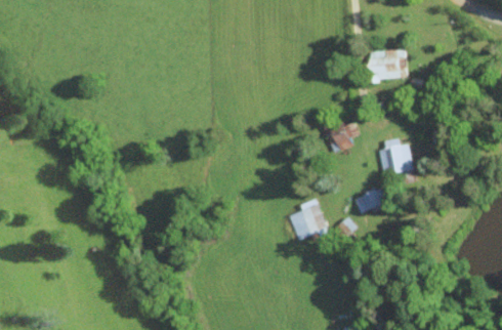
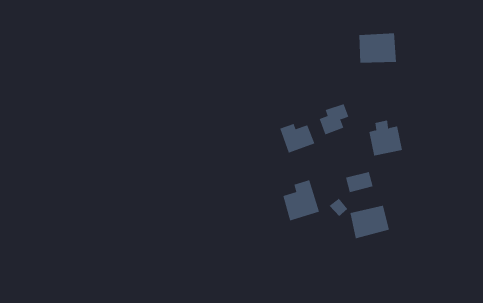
building: none -> [279,123,315,154]
building: none -> [350,205,389,239]

